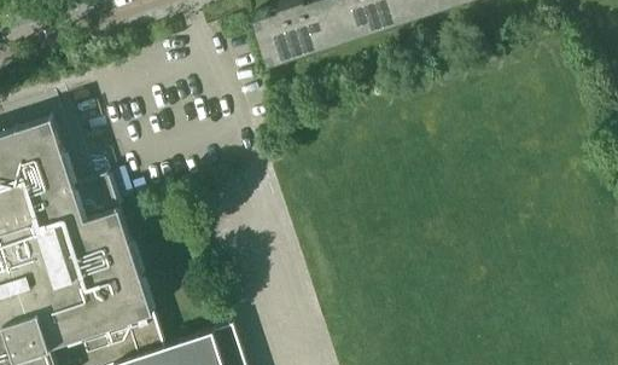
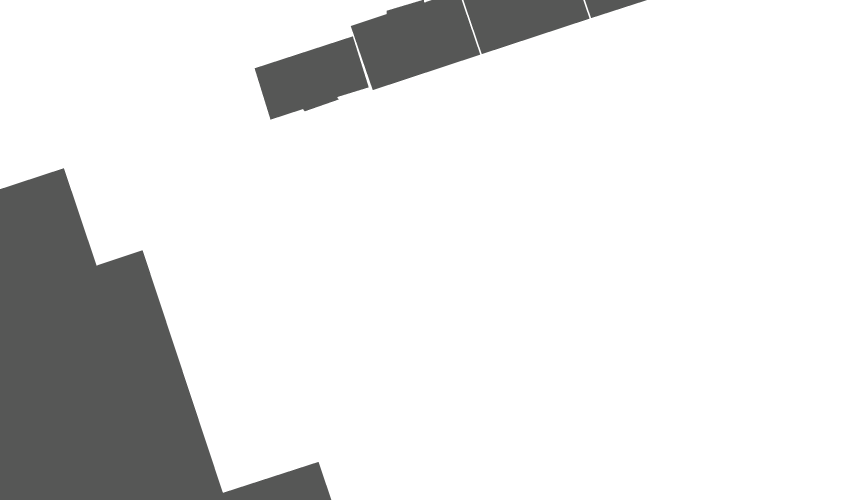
building: none -> [254,35,370,121]

